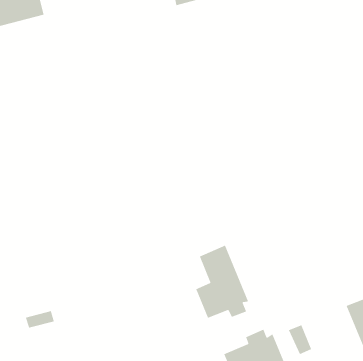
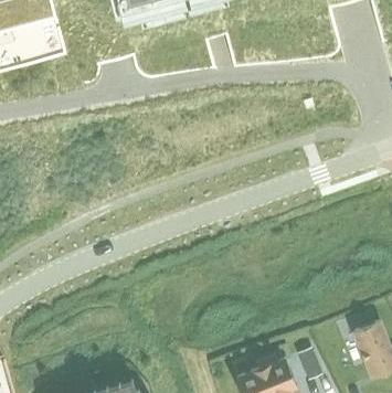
building: [195,245,249,319] -> none

